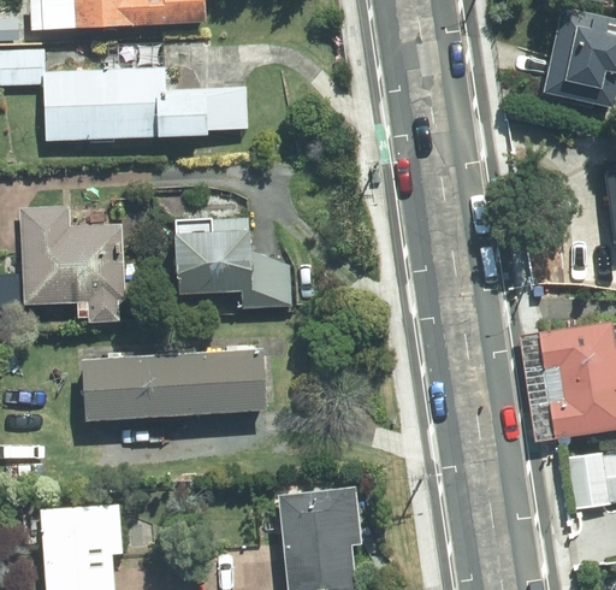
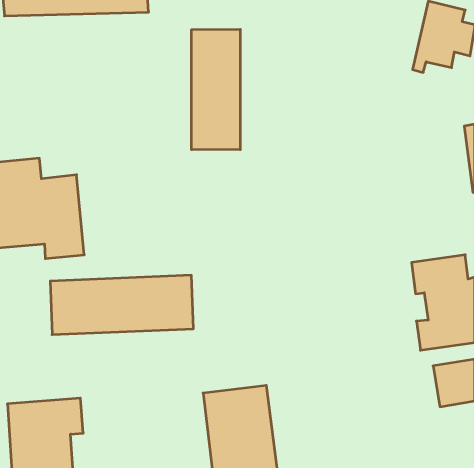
building: none -> [192,29,240,150]
building: [45,66,249,157] -> none
building: [168,216,295,311] -> none

